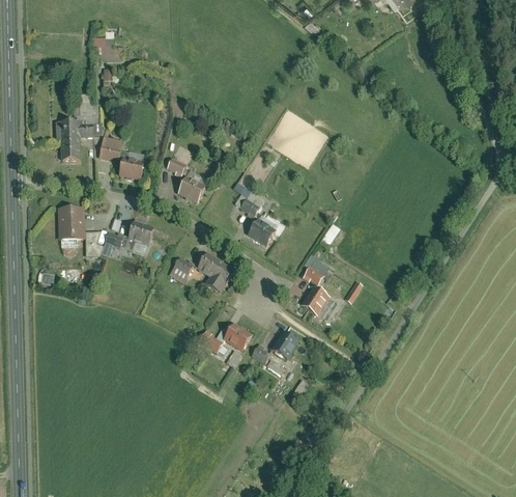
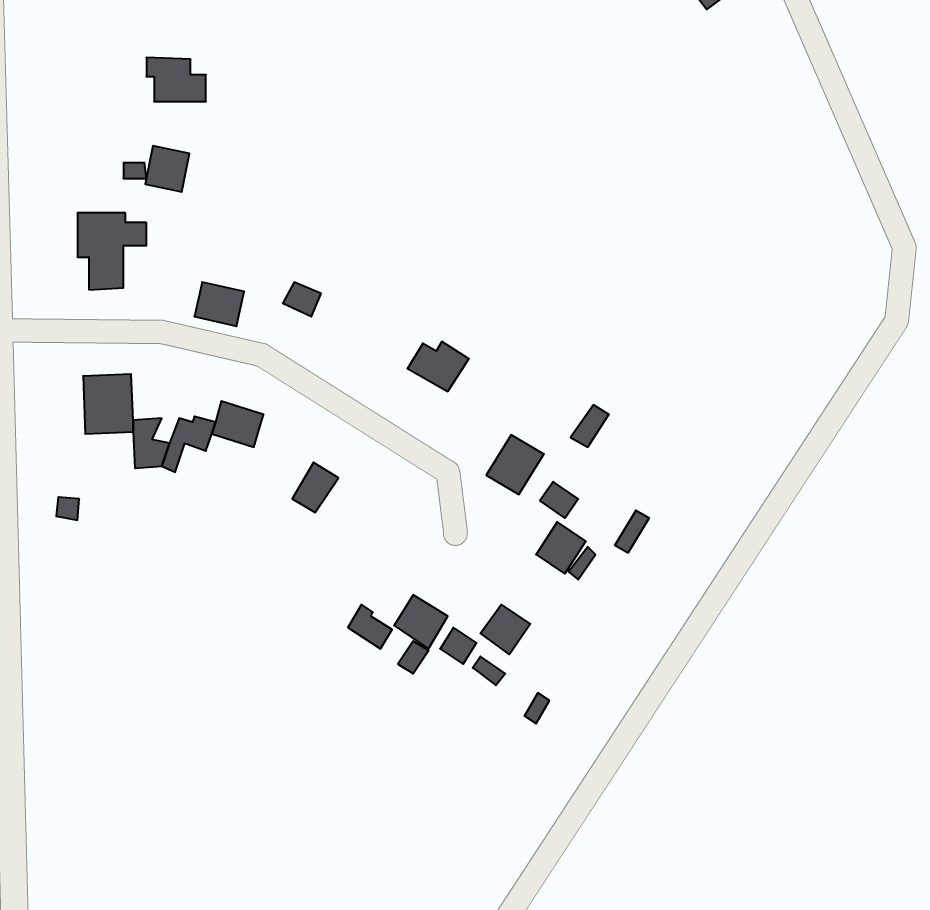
building: [97,134,121,159] -> [145,146,189,192]
building: [177,175,206,202] -> none
building: [248,214,279,246] -> [486,435,544,494]
building: [197,252,237,292] -> none

